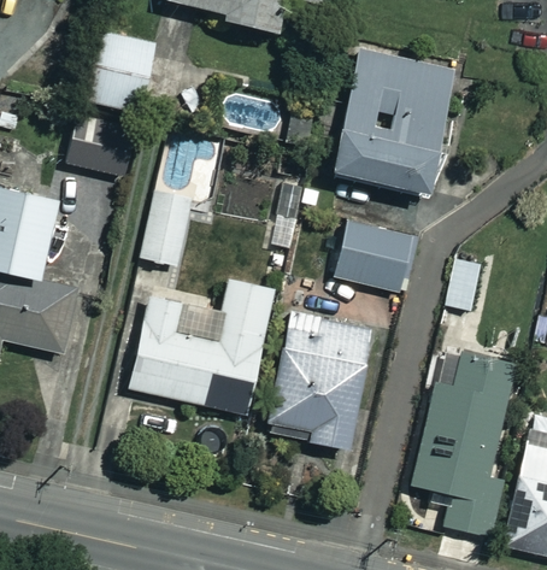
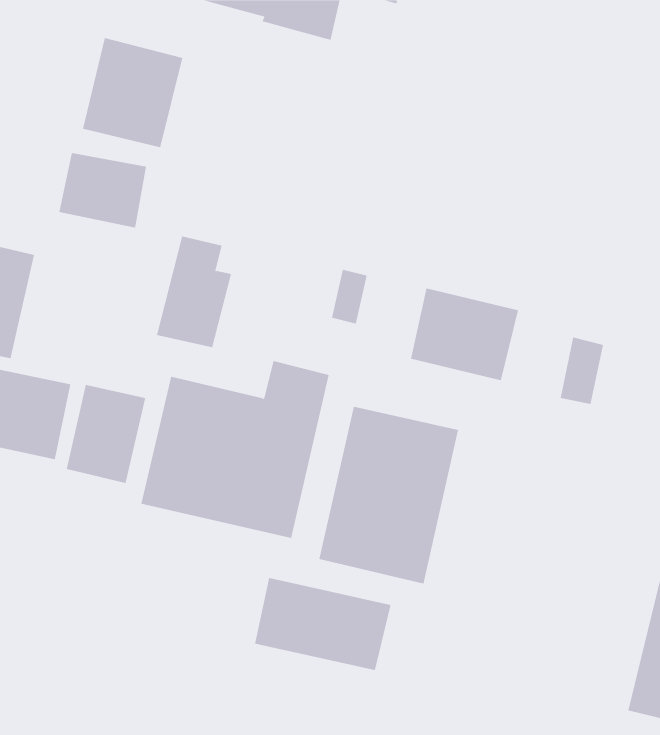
building: [330,46,459,194] -> none
building: none -> [66,384,146,484]
building: [411,352,514,536] -> none
building: none -> [255,577,391,671]

